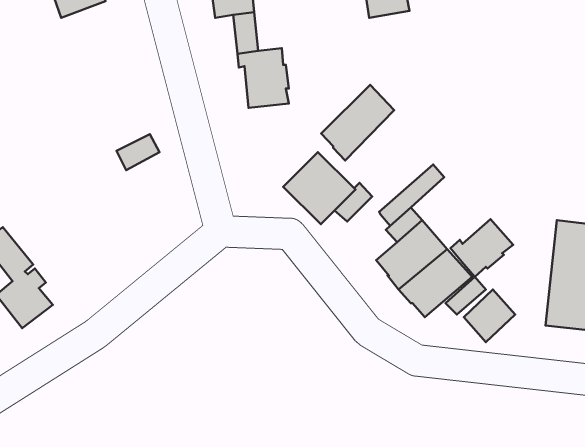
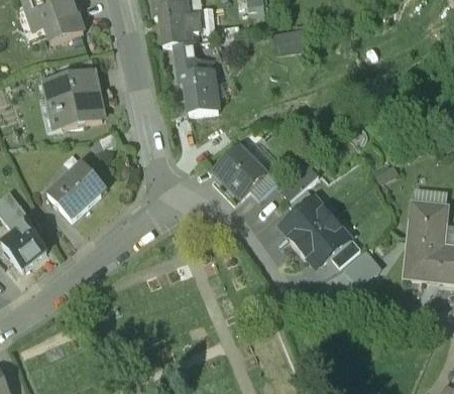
building: none -> [43,72,103,131]
building: [321,85,394,161] -> none
building: none -> [48,165,105,221]
building: [451,219,513,277] -> none

